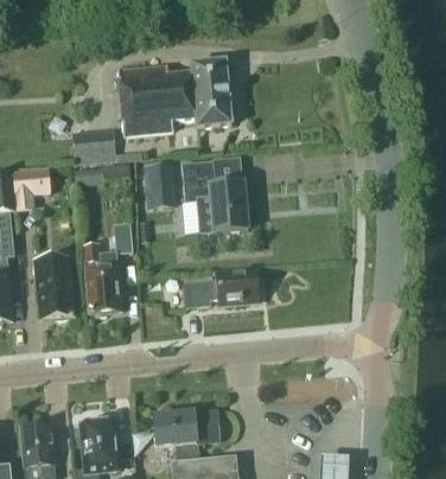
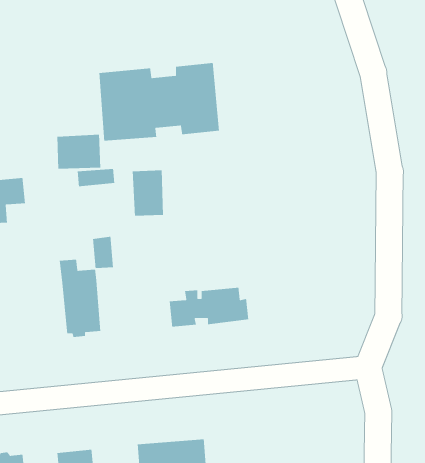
building: [181,159,248,231] -> none
building: [36,257,74,320] -> none

